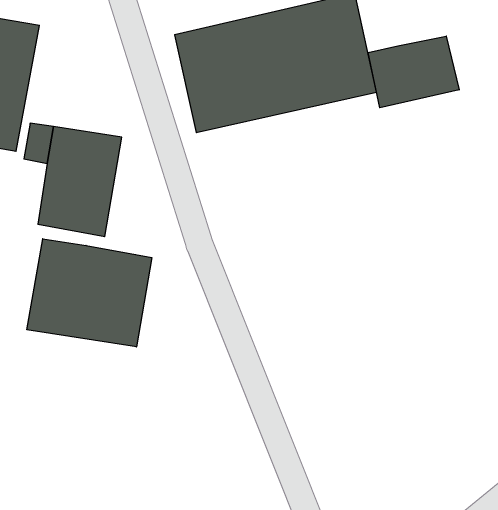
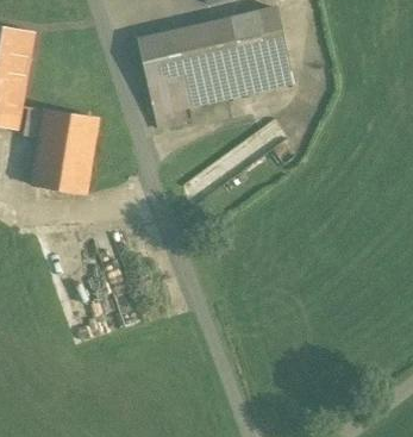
building: [368,36,459,108] -> none
building: [27,239,152,347] -> none

